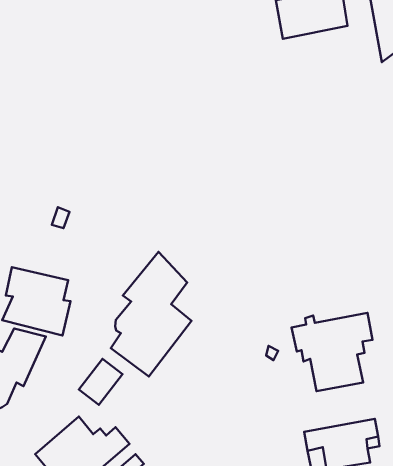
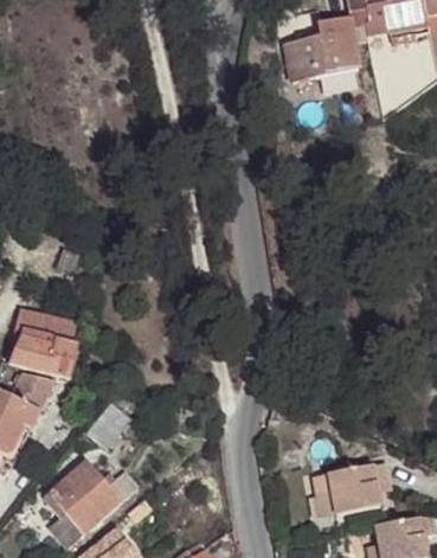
building: [111,252,191,376] -> none
building: [291,313,372,391] -> none

